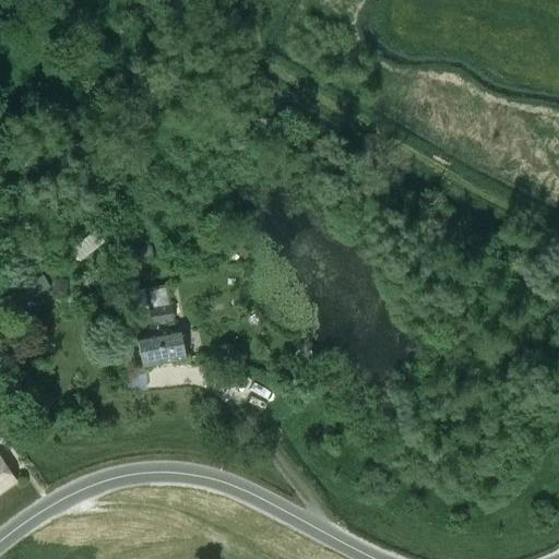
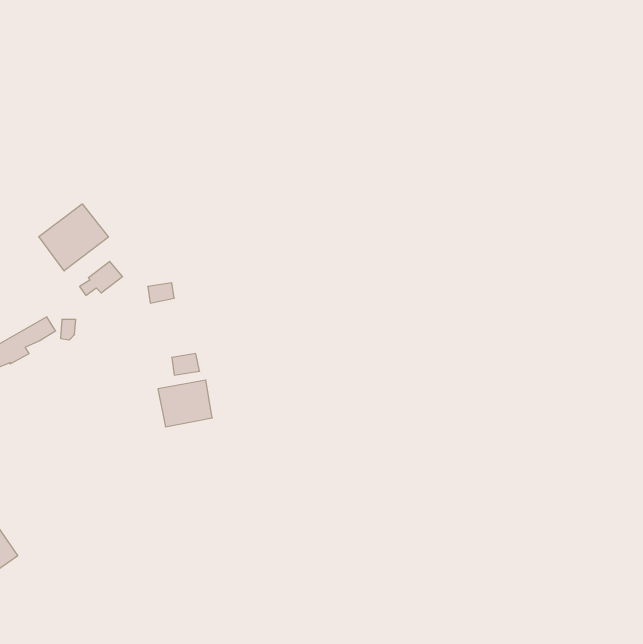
building: none -> [39,204,108,271]

